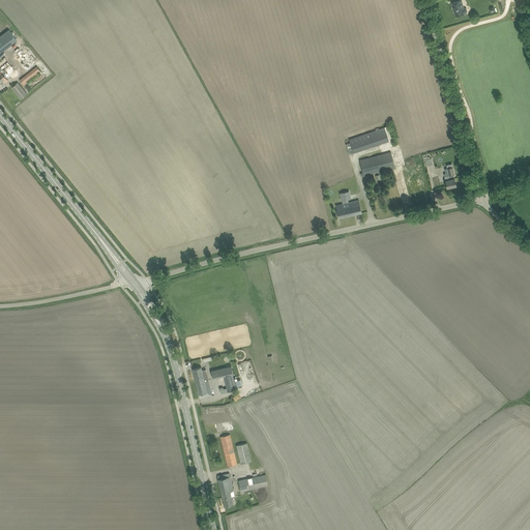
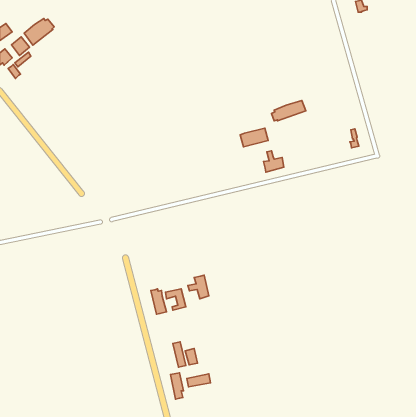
building: none -> [24,18,54,45]
building: [358,152,393,176] -> [240,128,268,147]
building: none -> [188,275,209,299]

